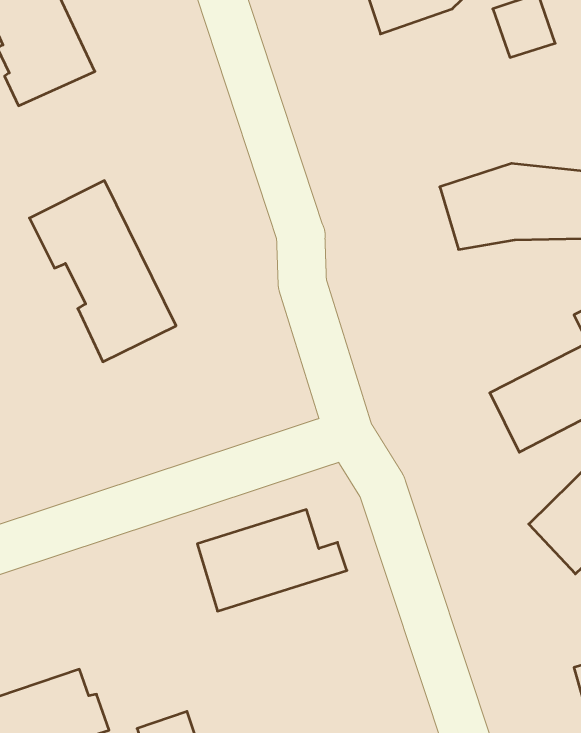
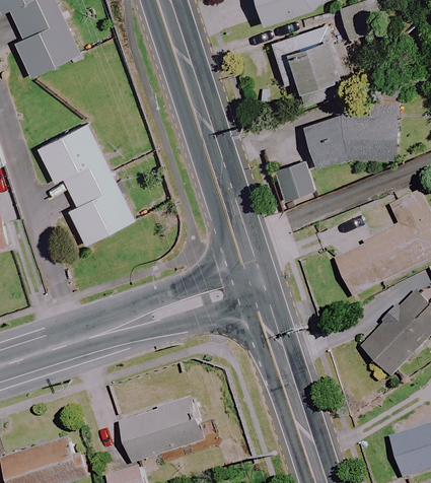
building: none -> [270,25,350,92]
building: none -> [273,162,311,201]
building: [197,510,347,611] -> [120,398,217,464]

